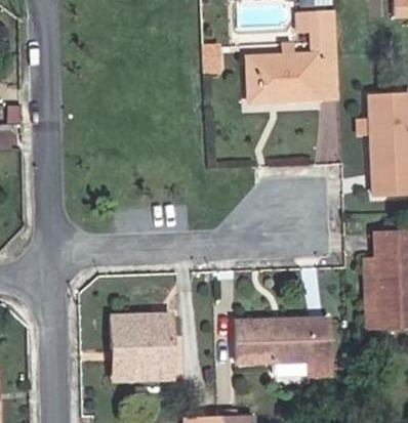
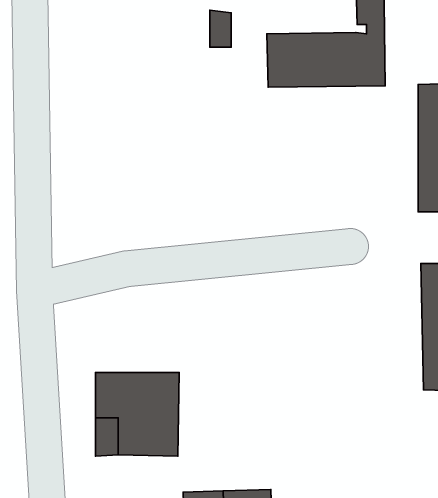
building: [219,326,319,387] -> none

